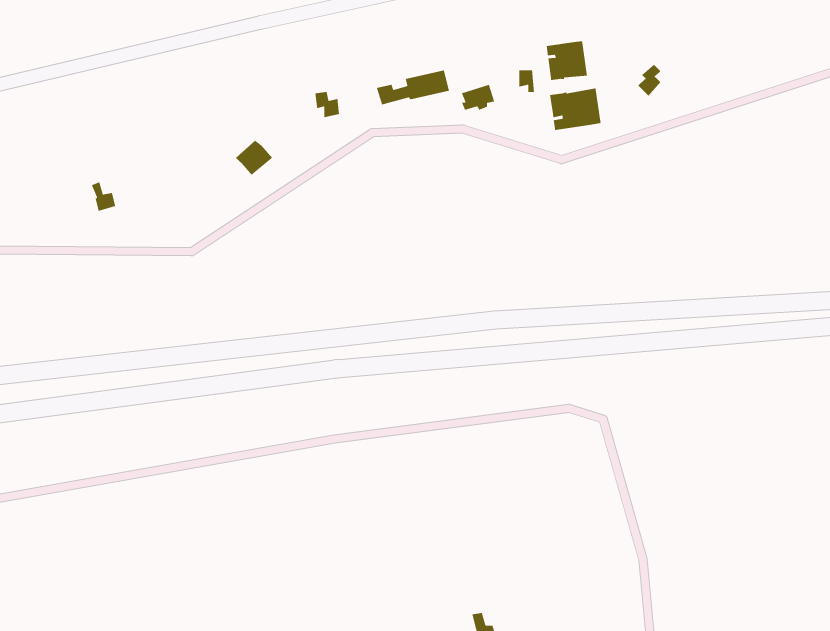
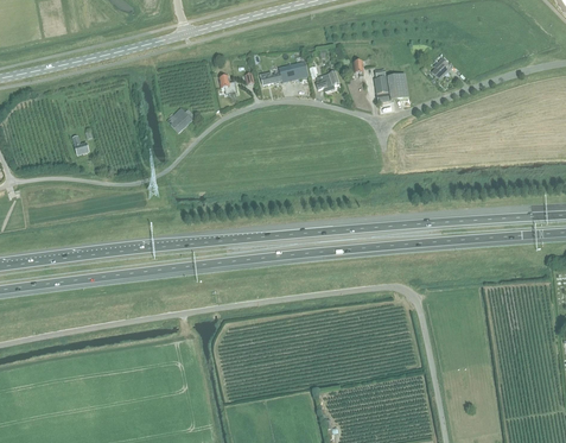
building: [546,41,588,81] -> none

